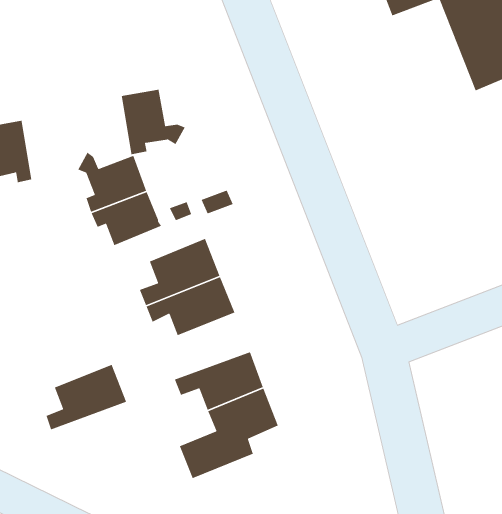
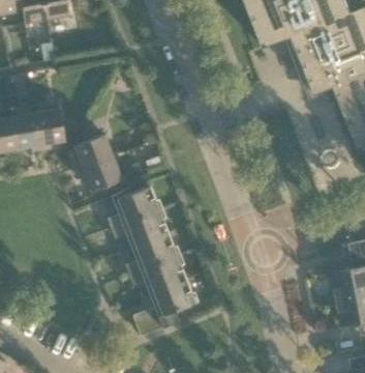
building: [121,89,186,155] -> [34,108,74,149]
building: [46,364,127,430] -> [125,232,176,274]

